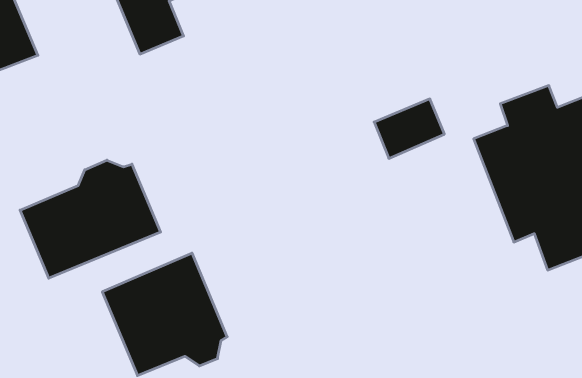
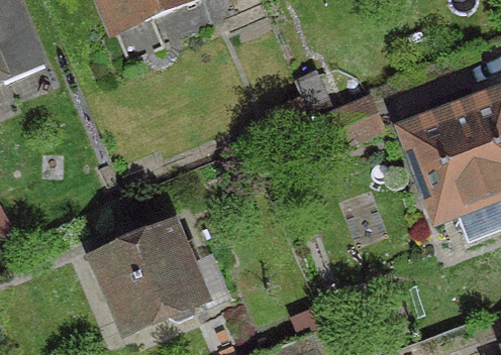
building: [20,160,161,278] -> none

